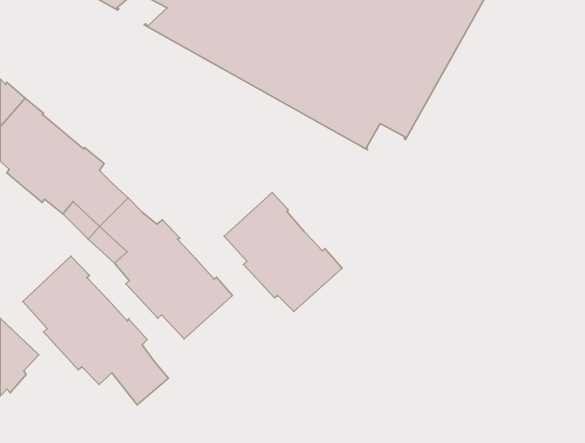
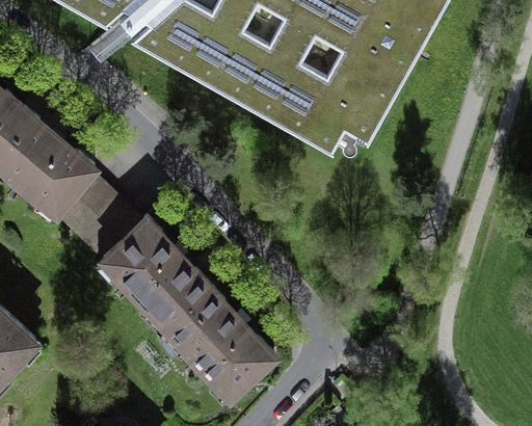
building: [224,192,342,312] -> [167,286,274,394]
building: [23,256,169,405] -> none

